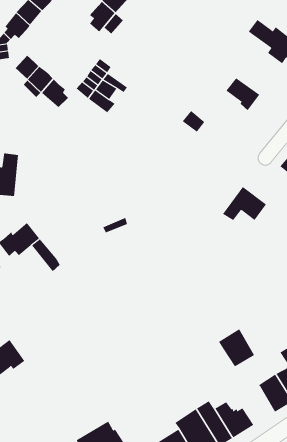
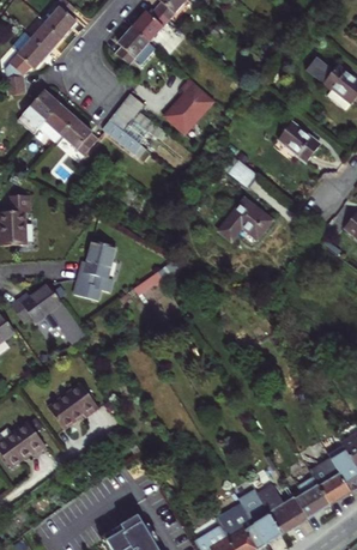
building: none -> [176,74,222,129]
building: [222,186,267,221] -> [217,189,270,230]
building: none -> [71,246,111,306]
building: none -> [44,379,96,425]
building: [218,329,255,367] -> [291,476,334,521]

